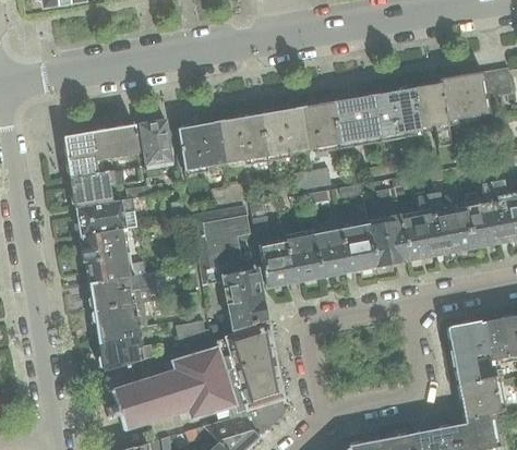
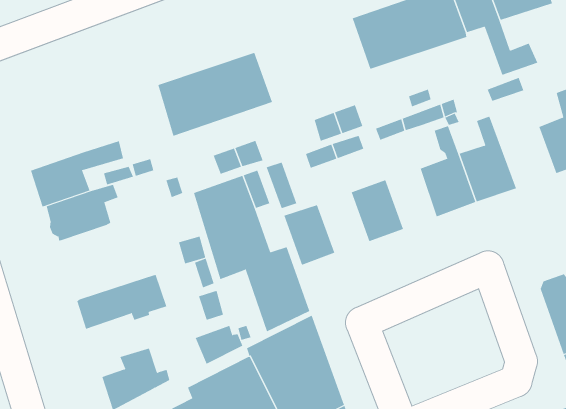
building: [256,101,342,156] -> none
building: [140,120,173,169] -> none
building: [64,125,139,179] -> none
building: [429,191,472,252] -> none
building: [341,224,375,269] -> none
building: [84,230,145,283] -> none
building: [286,234,321,279] -> none
building: [93,301,148,345] -> none

